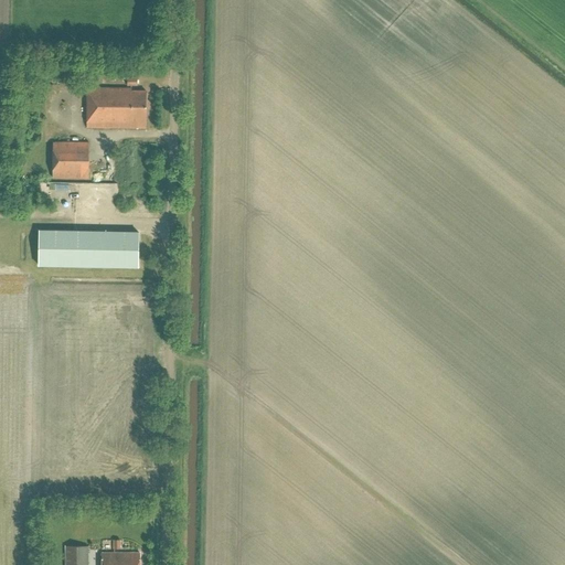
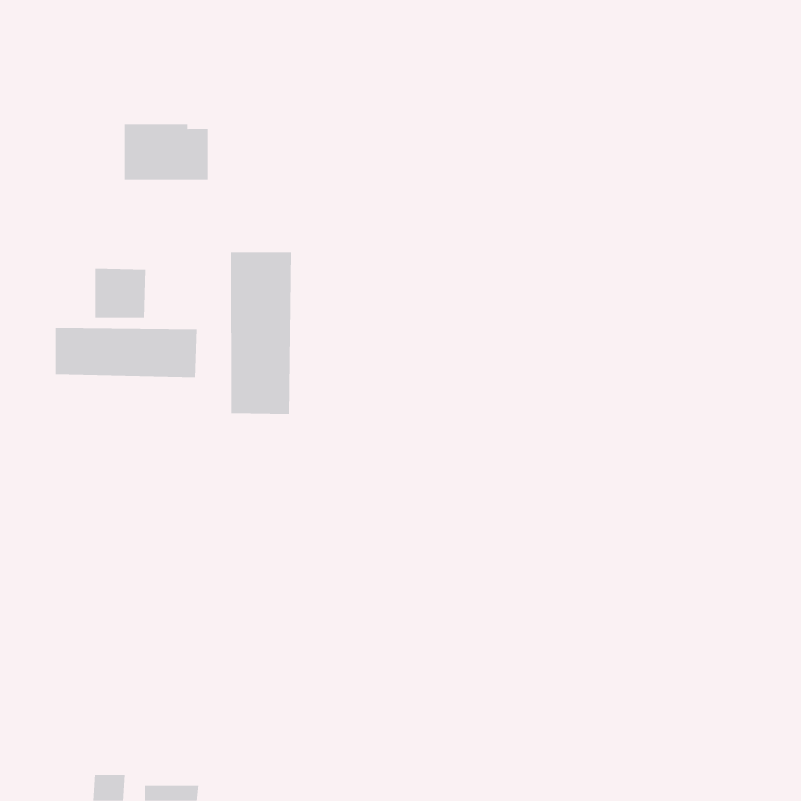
building: [53,142,89,178] -> [95,268,146,318]
building: none -> [230,251,291,415]

